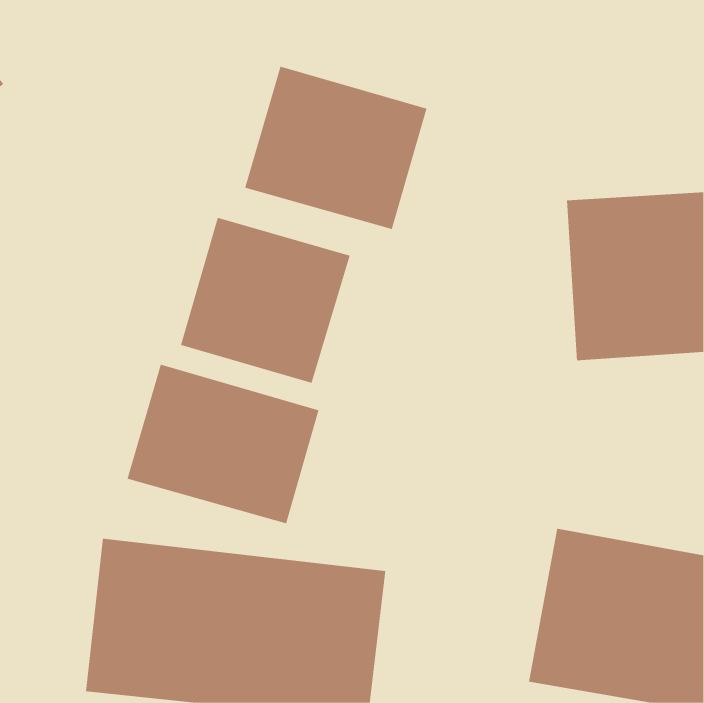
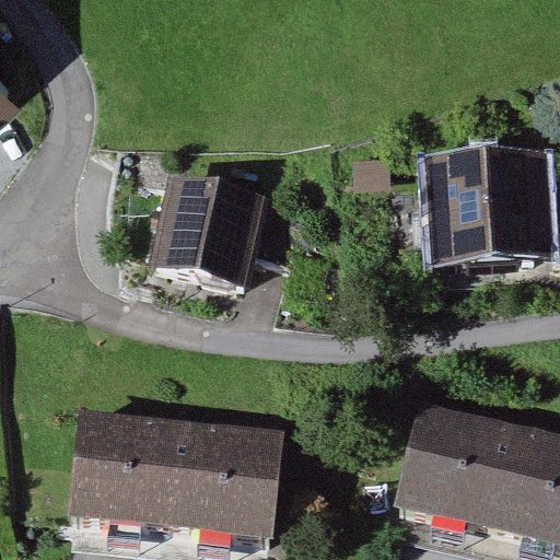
building: [245,66,427,230] -> none
building: [127,364,319,524] -> none

